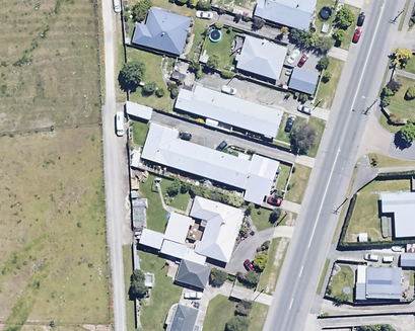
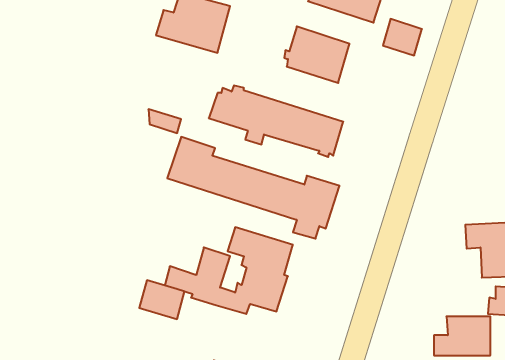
building: [286,65,318,94] -> [383,19,422,55]
building: [174,258,210,289] -> [139,280,185,319]

